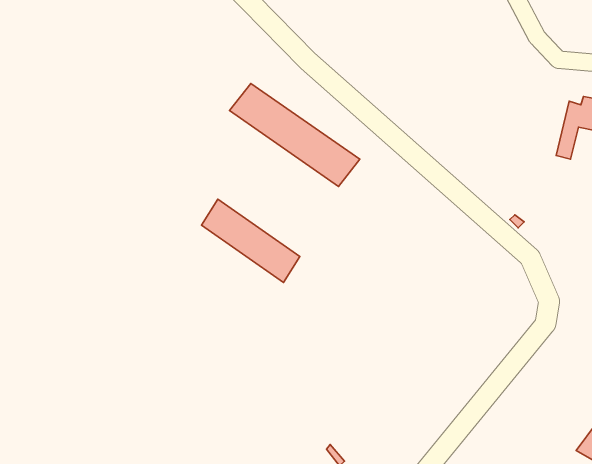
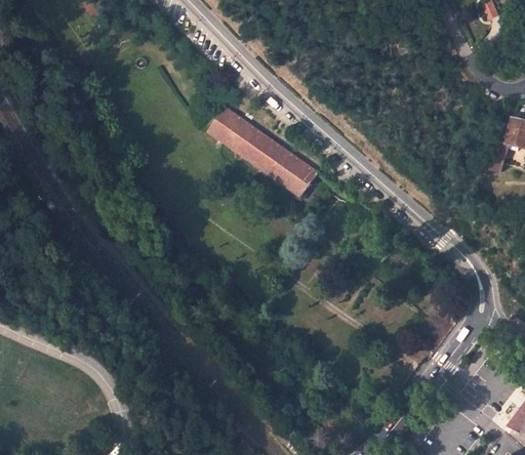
building: [201,199,300,282] -> none

